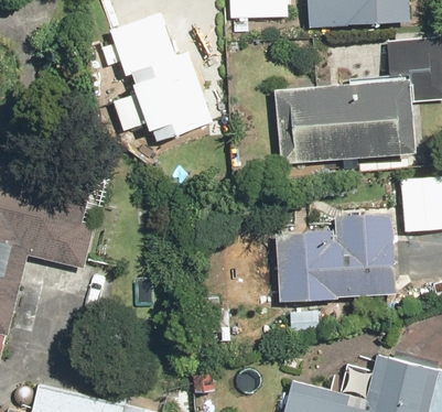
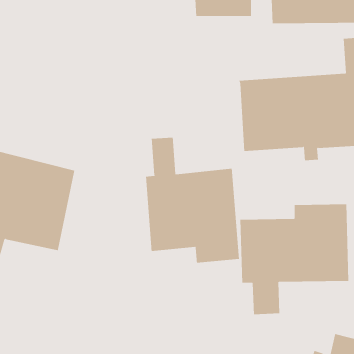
building: [110,12,214,142] -> none
building: none -> [146,137,240,263]

